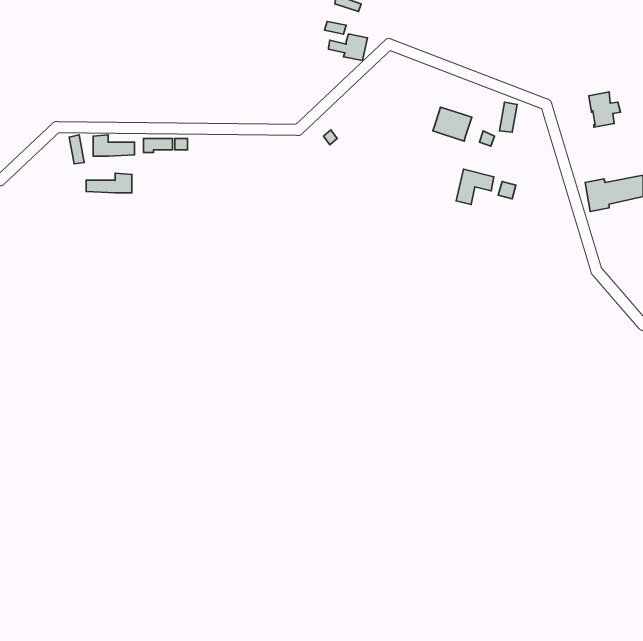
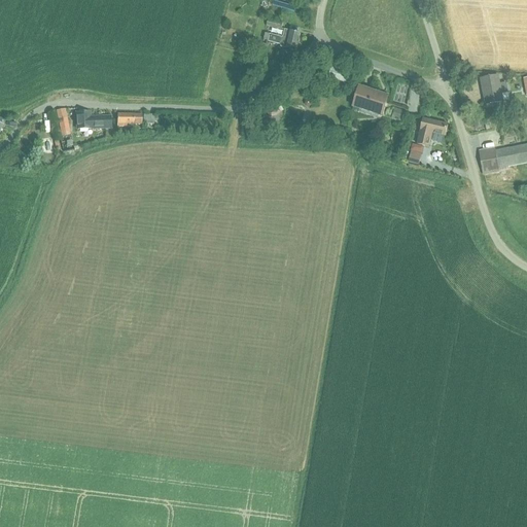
building: [456,169,494,205] -> [417,117,448,146]
building: [86,173,132,193] -> none

